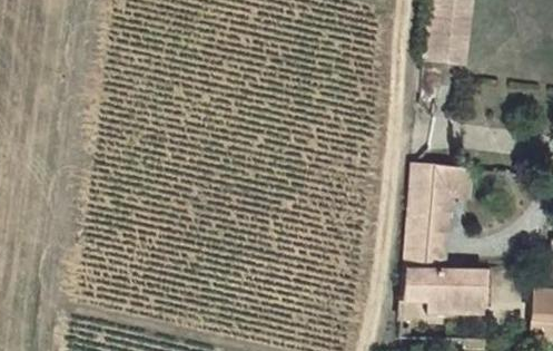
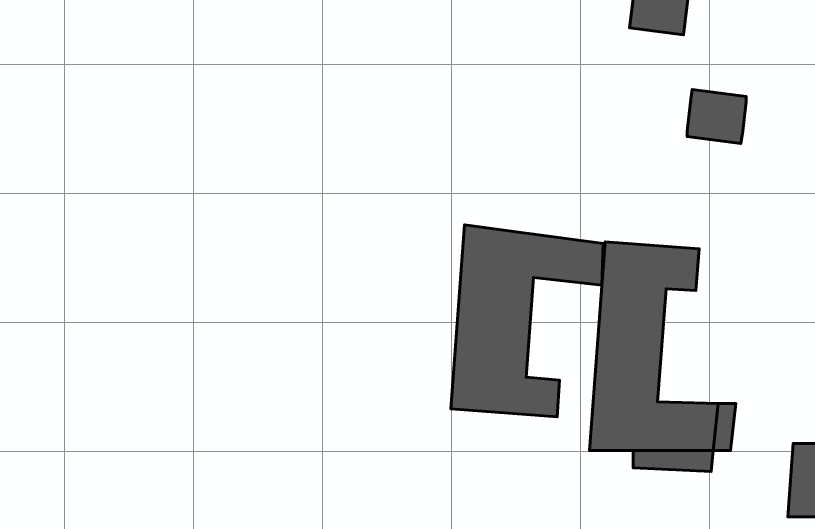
building: [425,28,463,62] -> [687,90,746,143]
building: none -> [451,225,603,417]

